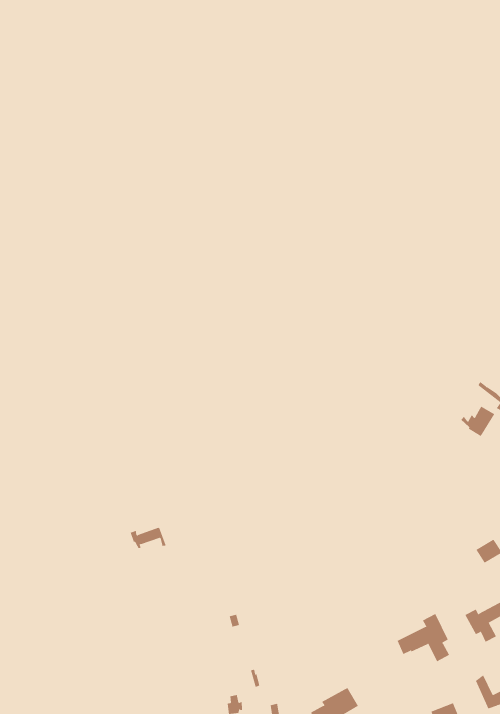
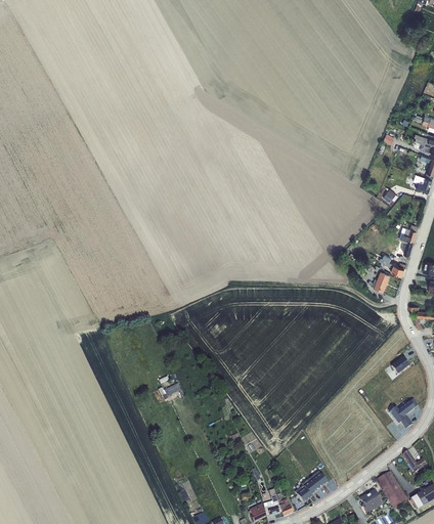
building: [397,613,450,662] -> none

